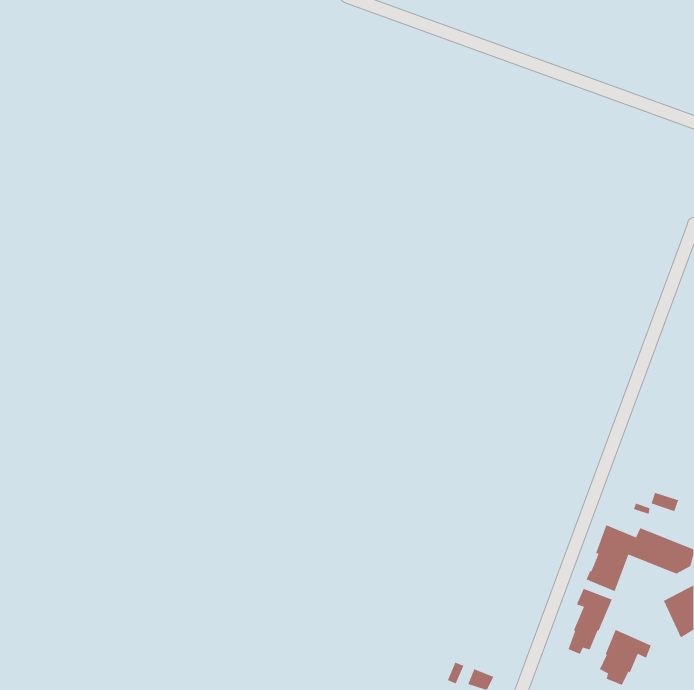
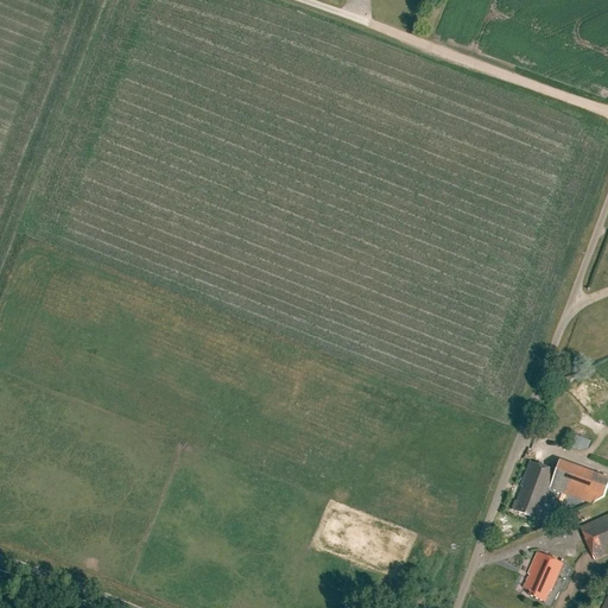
building: [567,588,613,655] -> none

